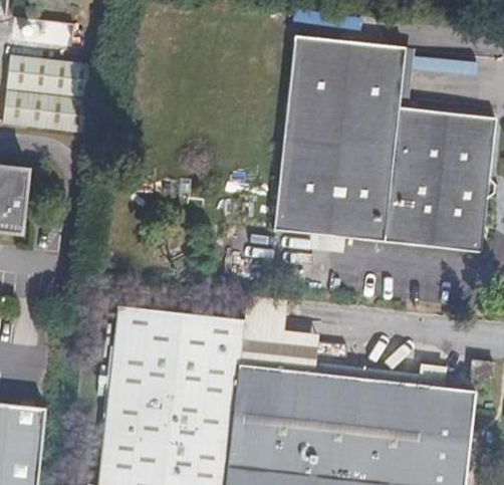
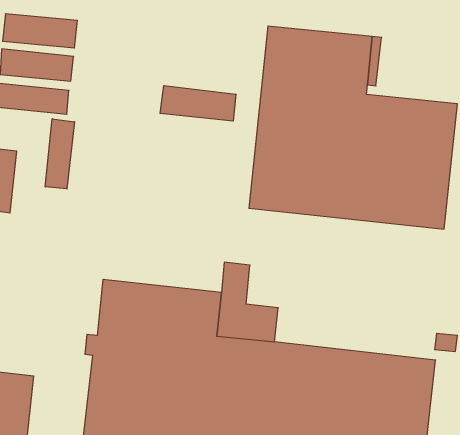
building: none -> [160,86,236,121]
building: none -> [45,119,75,189]

